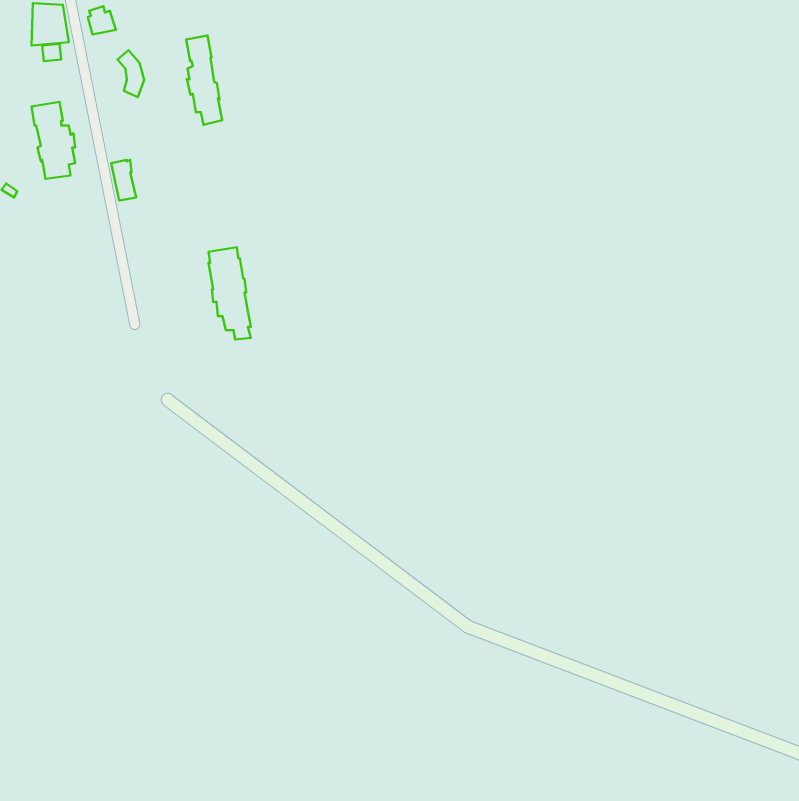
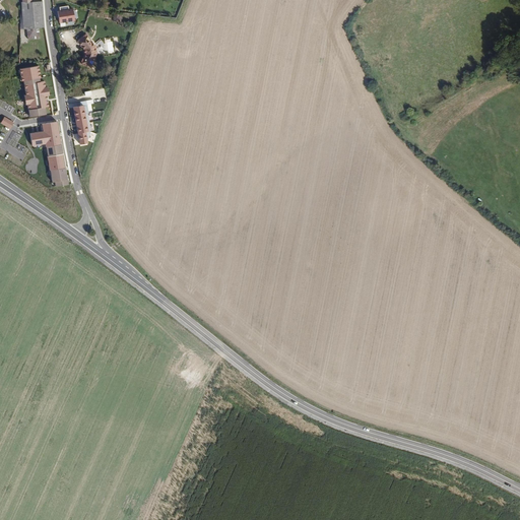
building: [186,36,222,125] -> none
building: [209,247,251,340] -> [39,122,66,182]

